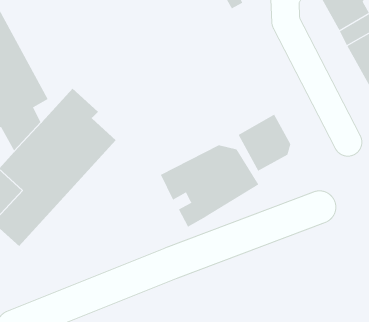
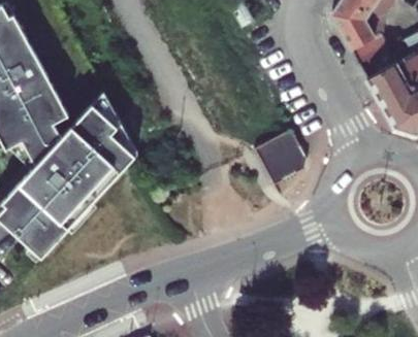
building: [160,144,259,228] -> none

